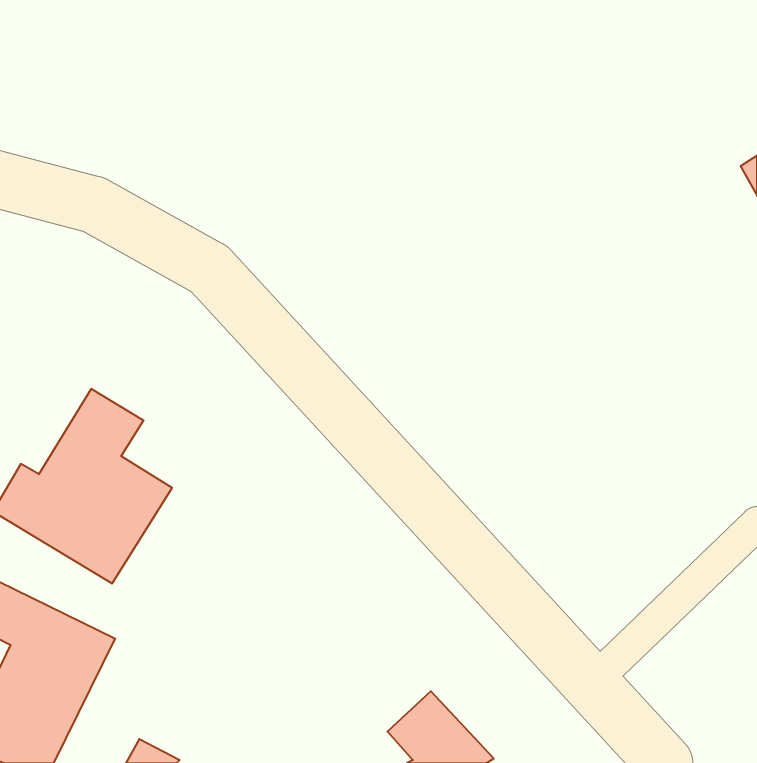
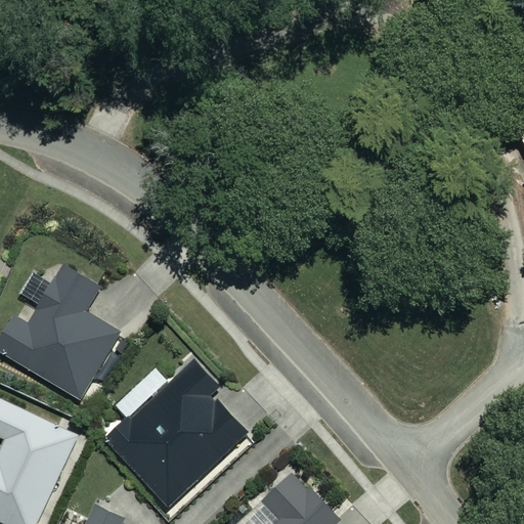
building: none -> [104,363,246,509]

